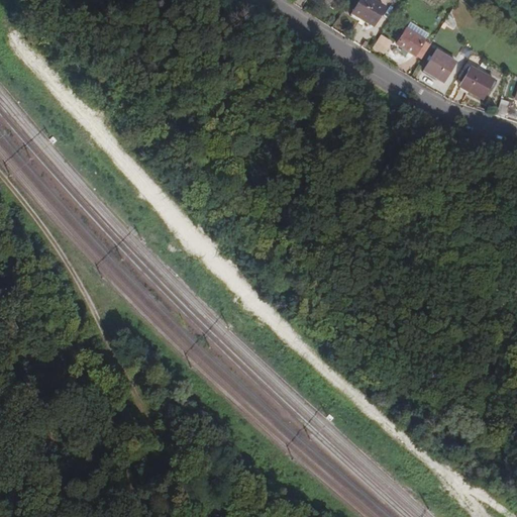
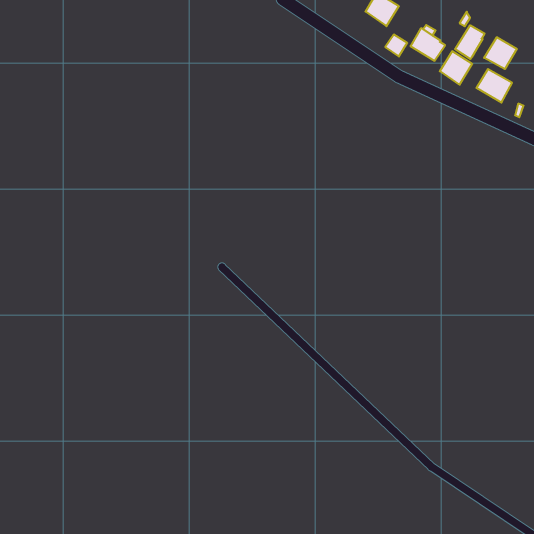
building: none -> [455,25,485,59]
building: none -> [484,37,517,69]

